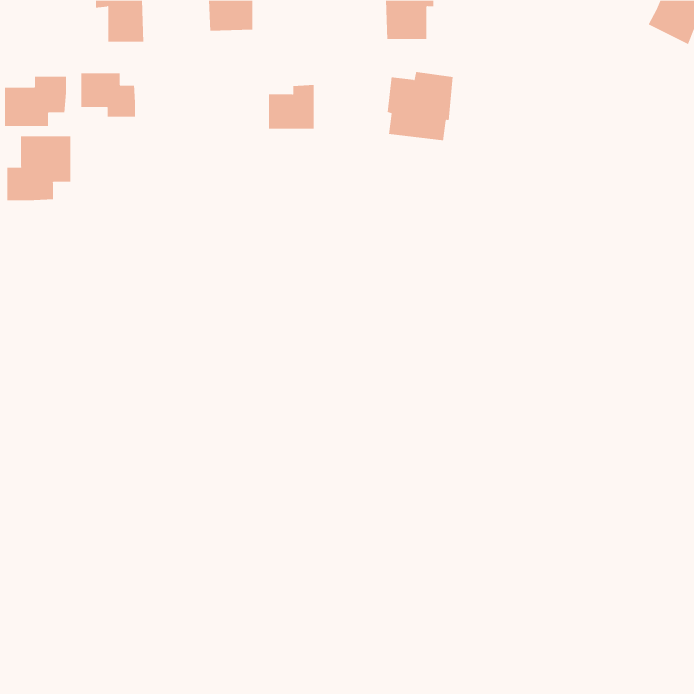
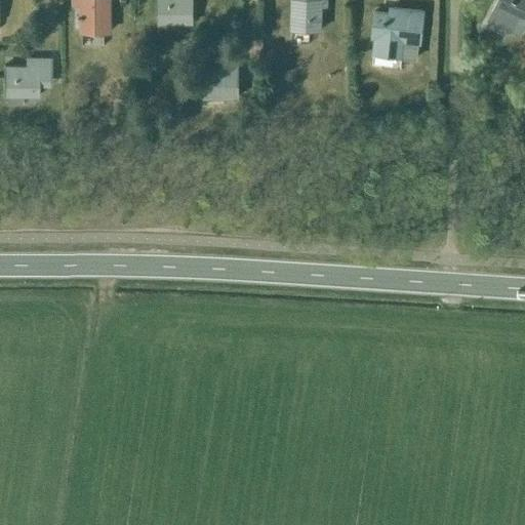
building: [387,71,453,141] -> [373,7,423,59]
building: [81,73,136,117] -> none
building: [7,135,71,201] -> none

